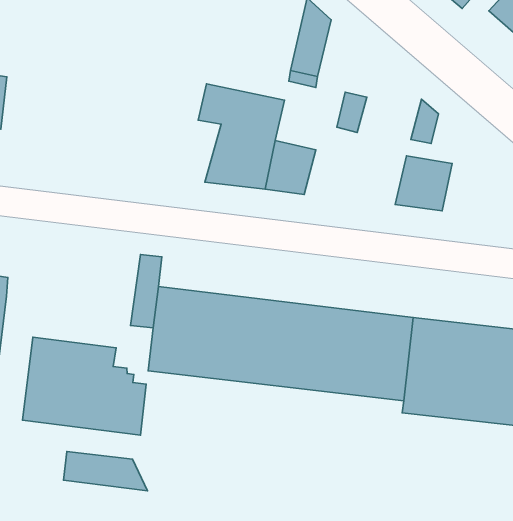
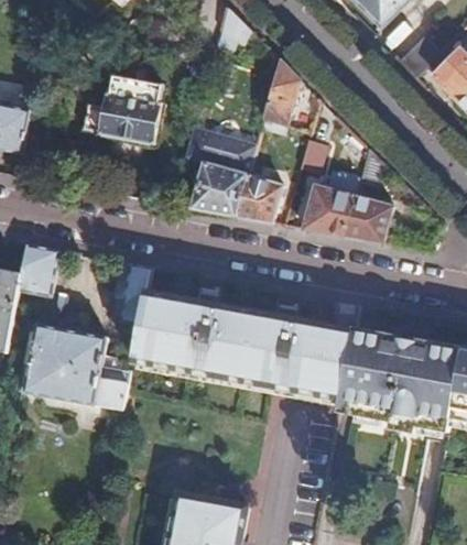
building: none -> [85,74,164,142]
building: none -> [303,185,357,235]
building: none -> [18,242,61,296]
building: [63,452,147,491] -> none

